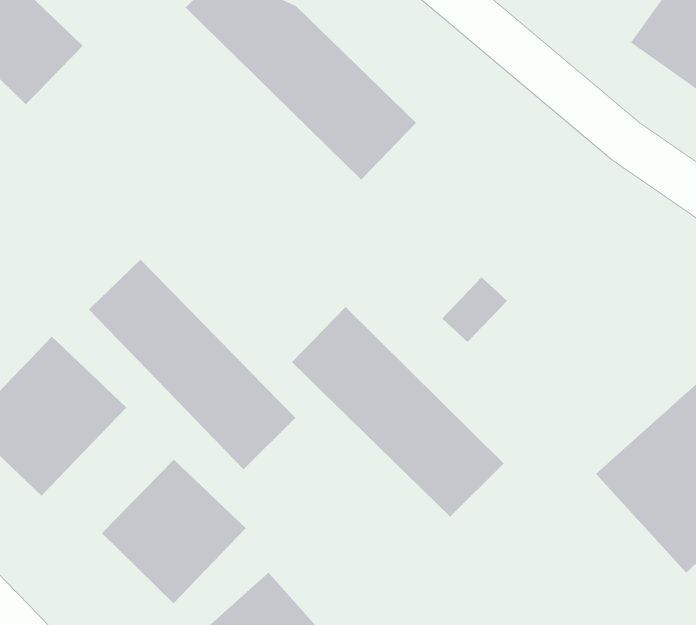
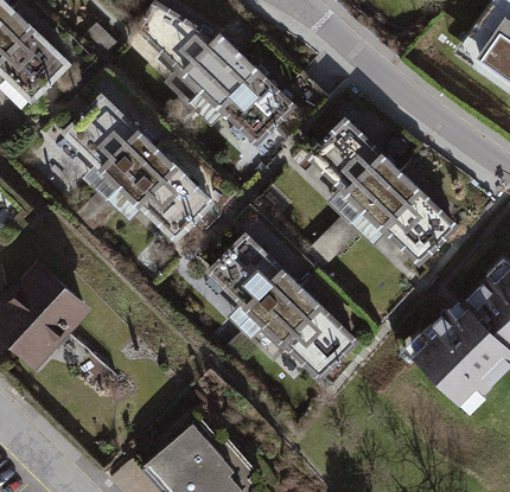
building: none -> [306,126,452,264]
building: [88,259,296,470] -> [65,98,206,242]
building: [101,459,247,604] -> none

